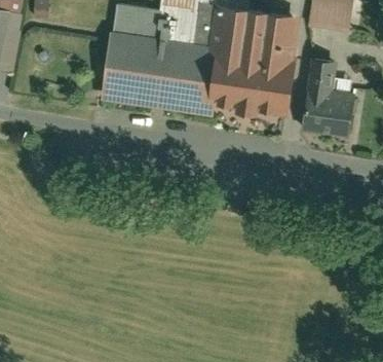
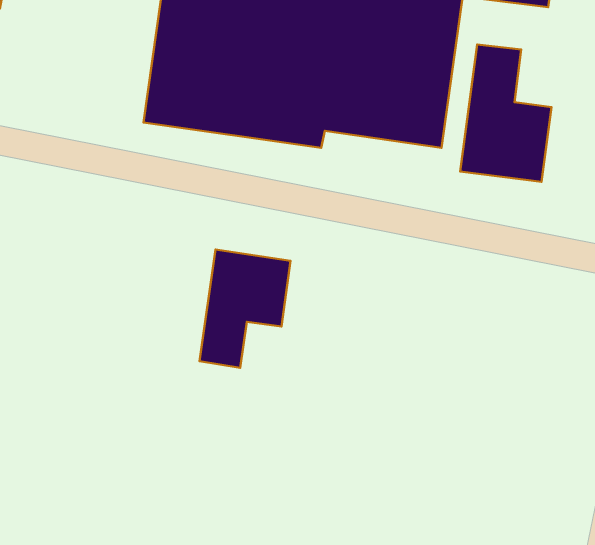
building: none -> [200,250,291,368]

